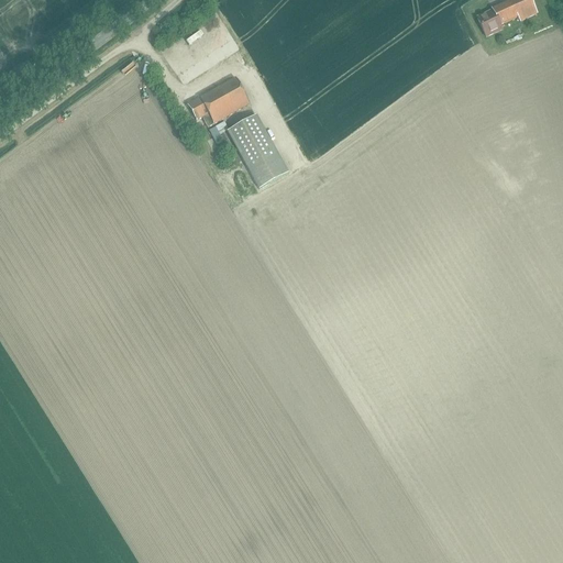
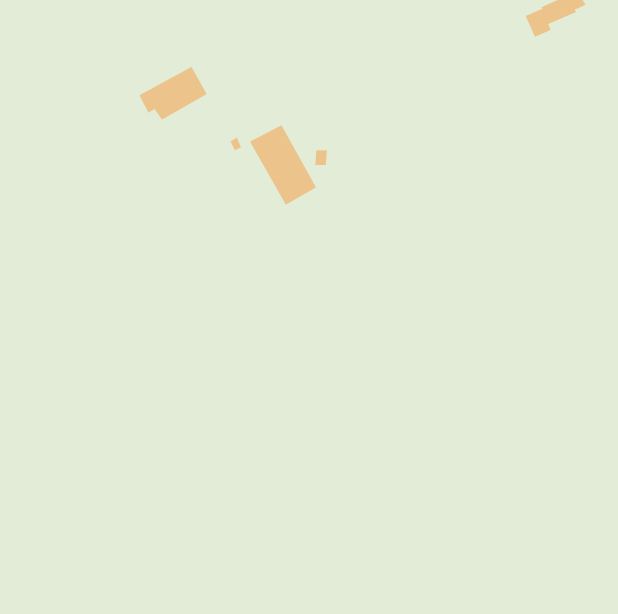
building: [187,76,250,125] -> [139,66,207,121]

